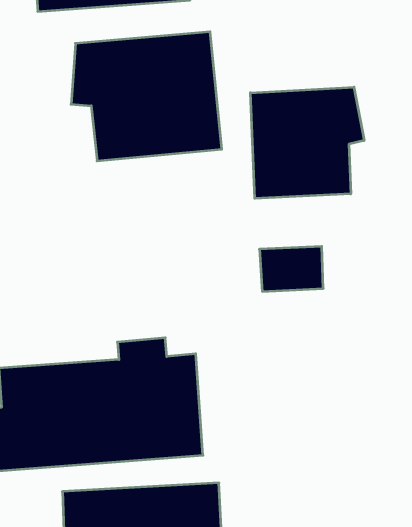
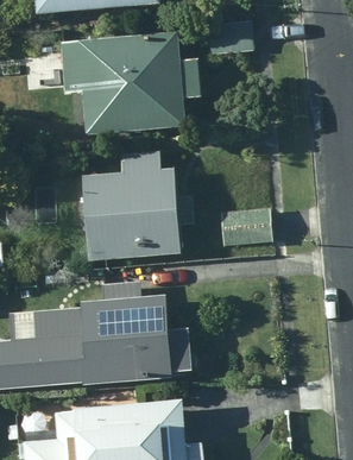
building: [250,87,364,198] -> none
building: none -> [82,150,181,259]

